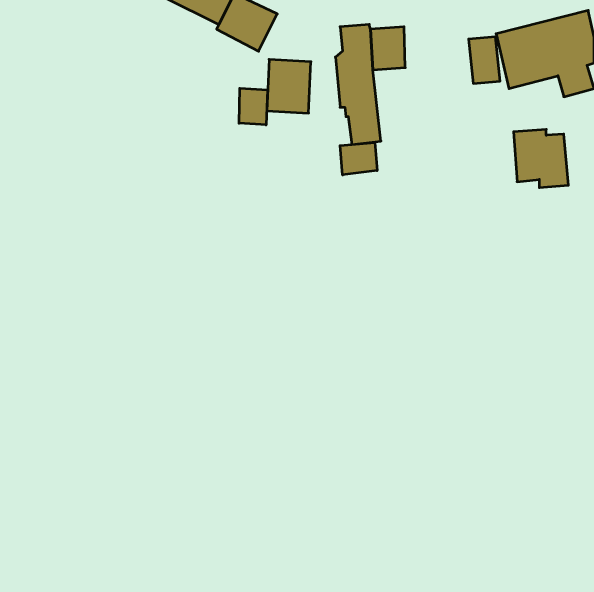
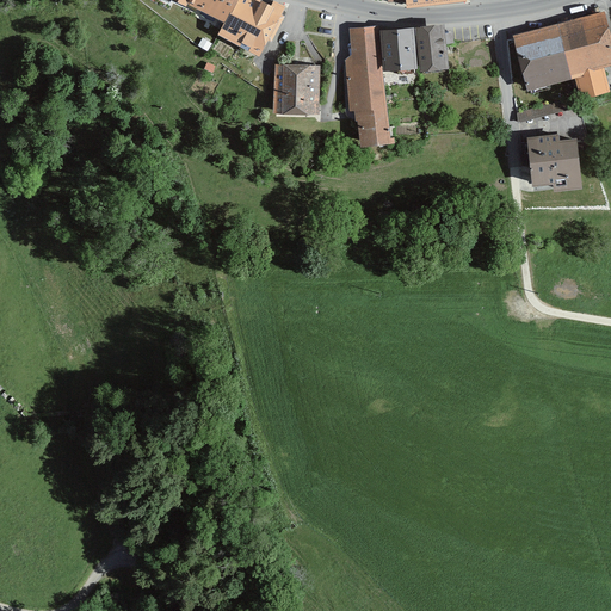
building: [469,37,500,83] -> [415,25,448,73]
building: [239,88,268,125] -> none
building: [340,142,377,175] -> none

